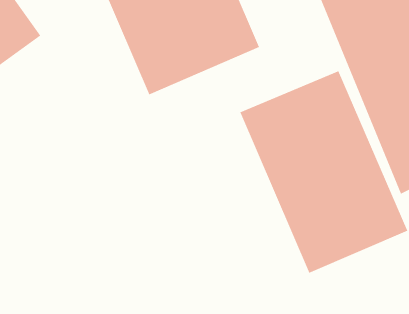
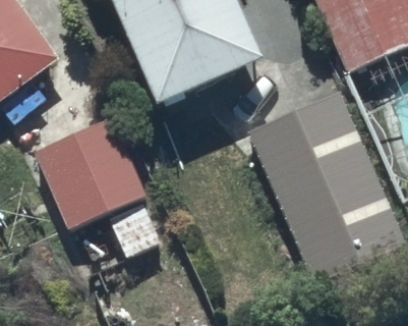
building: none -> [34,119,160,260]

